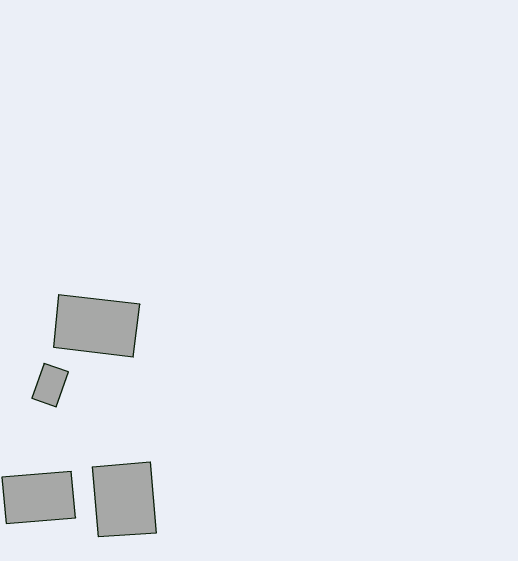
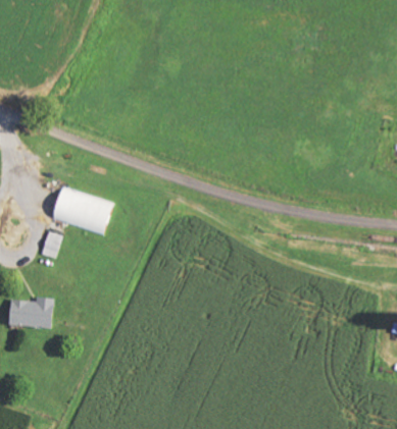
building: [92,462,156,537] -> none

